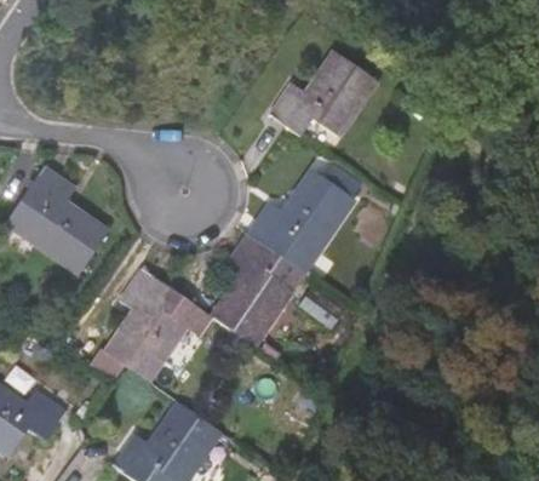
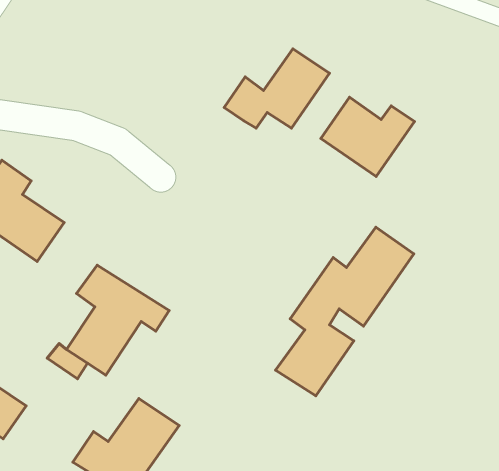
building: none -> [321,97,415,176]
building: [211,173,348,340] -> [276,227,414,396]

